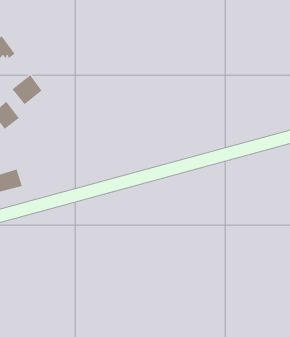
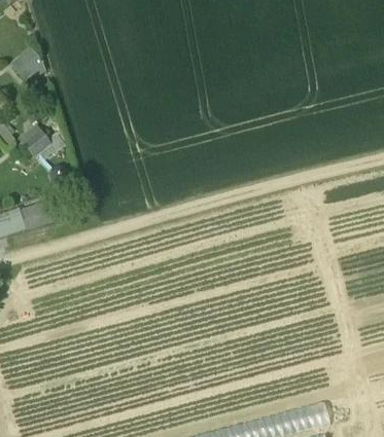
building: [12,74,42,105] -> none

